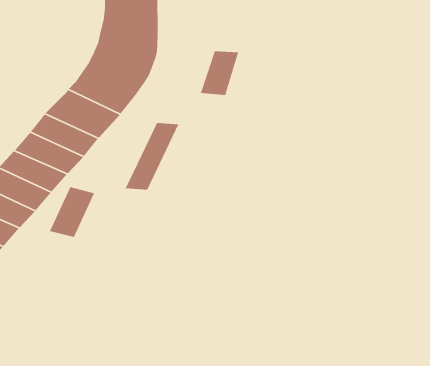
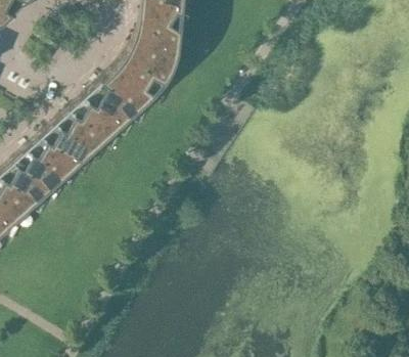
building: [200,50,239,96] -> none
building: [125,122,180,191] -> none
building: [49,186,95,238] -> none

